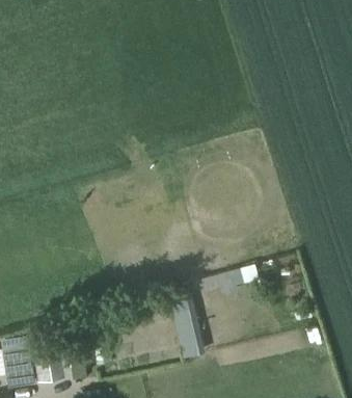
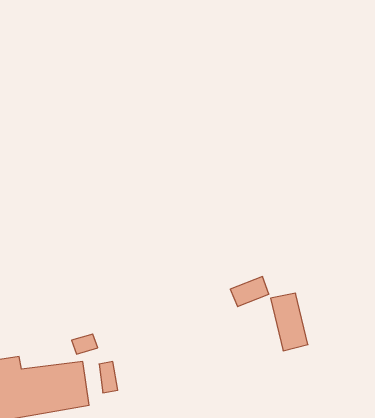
building: [173,312,205,360] -> [271,293,308,351]

